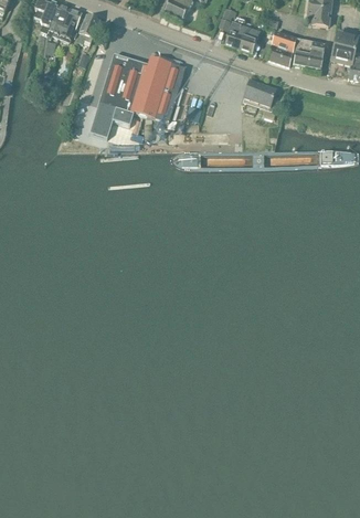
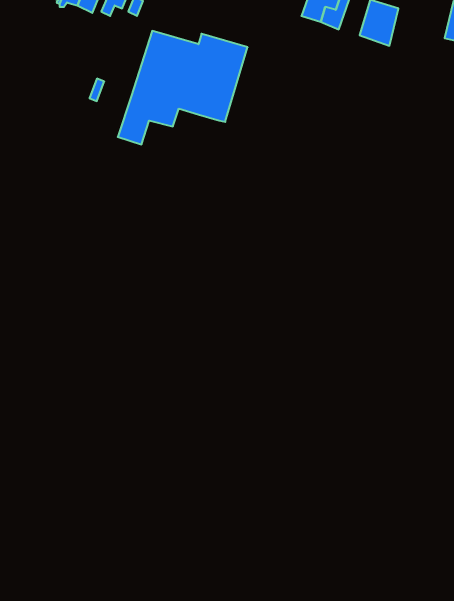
building: [293,38,325,68] -> none
building: [243,78,275,105] -> none

